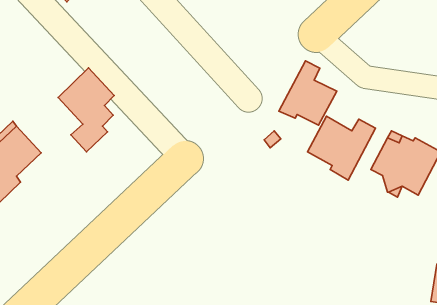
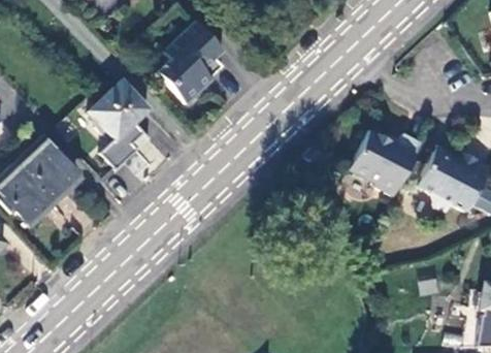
building: none -> [155,20,223,103]
building: [279,61,337,125] -> none

